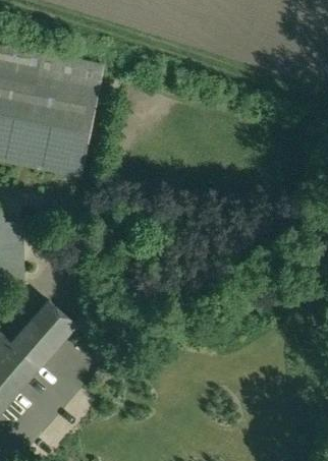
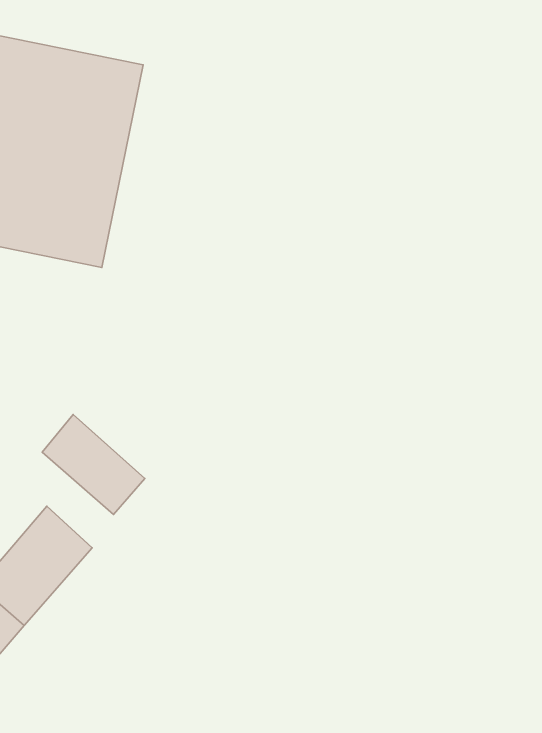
building: none -> [42,415,145,514]

